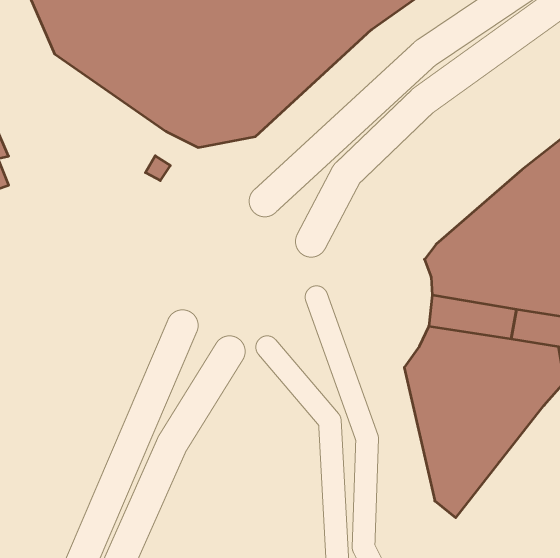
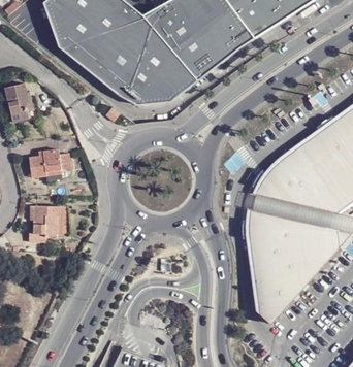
building: none -> [24,145,68,176]
building: none -> [245,175,264,236]
building: none -> [30,197,63,234]

